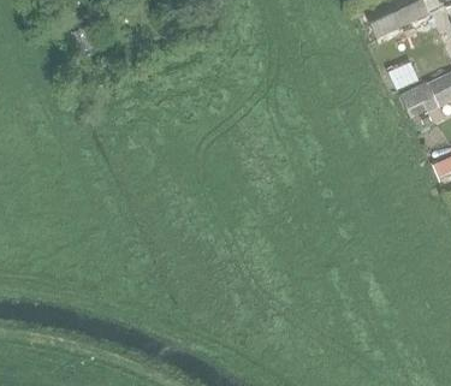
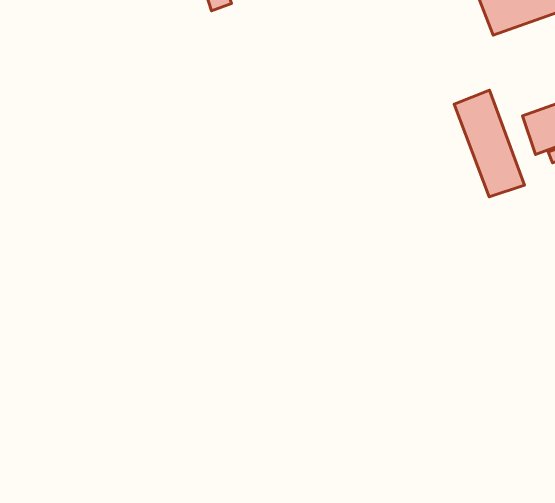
building: none -> [454,90,525,197]

